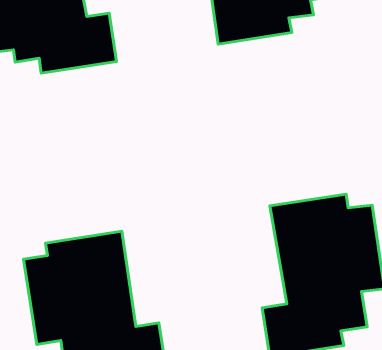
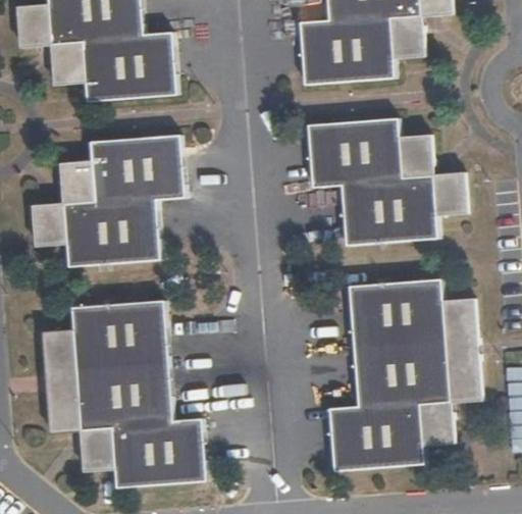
building: none -> [307,117,467,245]
building: none -> [32,135,184,264]

